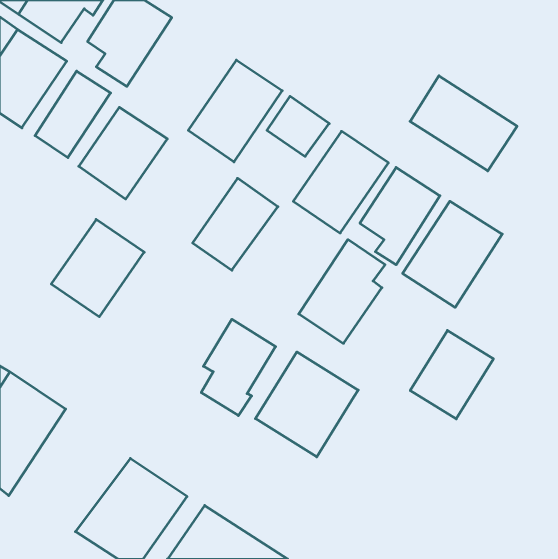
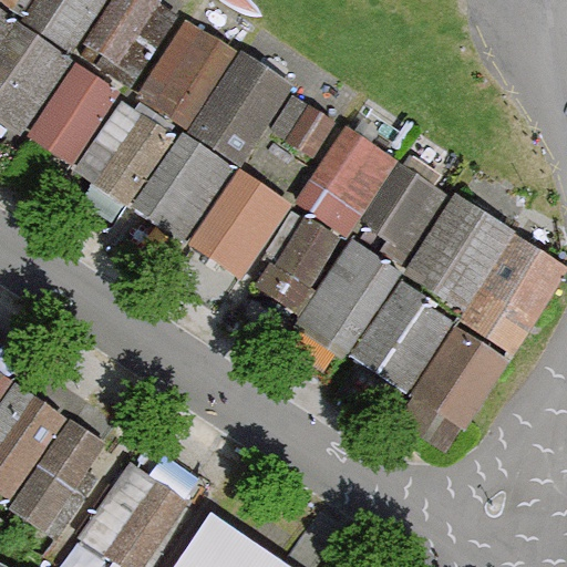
building: none -> [140,27,231,127]
building: [410,76,517,171] -> none
building: [51,219,144,317] -> [136,141,230,239]
building: none -> [464,244,560,351]
building: [201,319,276,416] -> [258,214,333,311]
building: [255,352,358,457] -> [353,289,457,395]
building: none -> [9,414,117,535]

